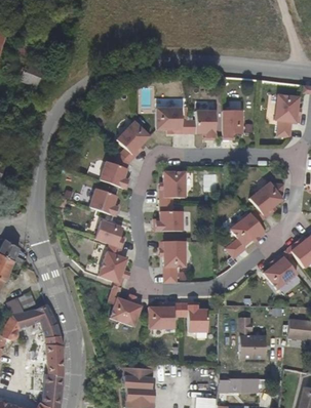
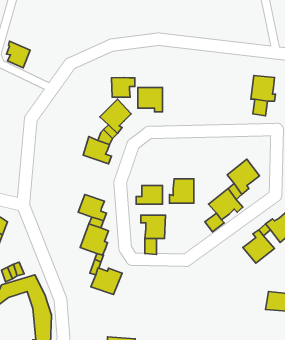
building: none -> [112,78,135,97]
building: [195,111,216,139] -> none
building: [223,111,242,139] -> none
building: [160,171,186,197] -> [169,179,194,203]
building: [87,187,117,215] -> none
building: [147,302,172,328] -> none
building: [186,302,206,332] -> none
building: [238,317,264,358] -> none

